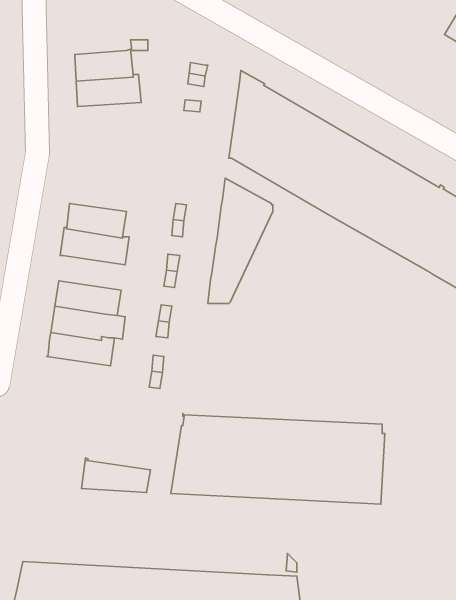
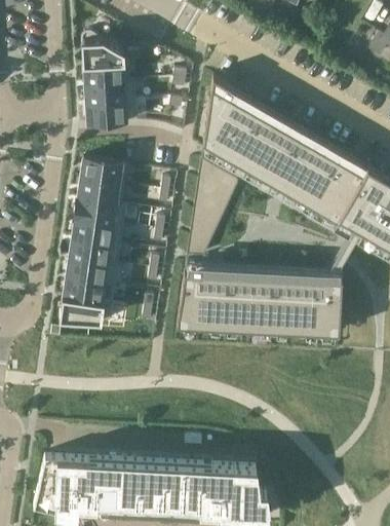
building: none -> [81,33,124,66]
building: none -> [86,102,136,124]
building: none -> [80,159,127,186]
building: none -> [72,220,123,247]
building: [171,413,385,504] -> [177,264,342,334]
building: [81,458,151,492] -> [59,296,112,323]

